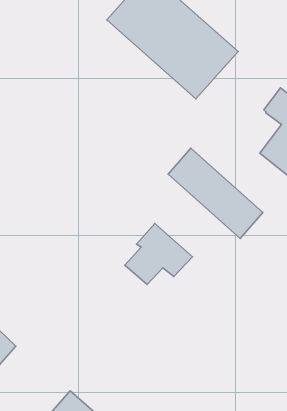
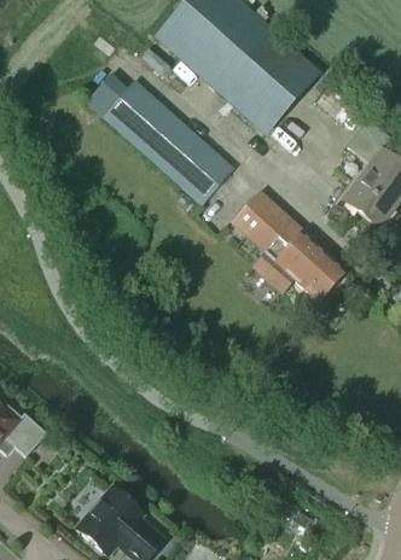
building: none -> [85,74,232,203]
building: [125,224,192,285] -> none

